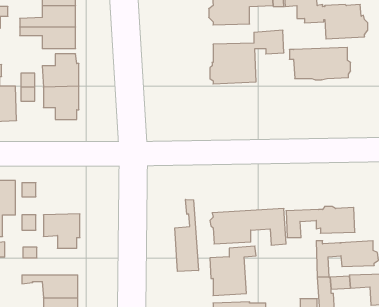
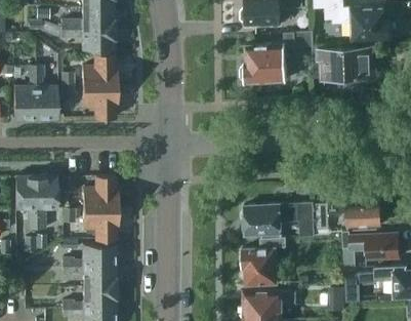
building: none -> [83,175,118,208]
building: [175,199,198,271] -> none
building: none -> [63,244,116,266]

